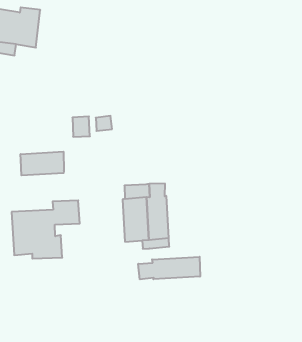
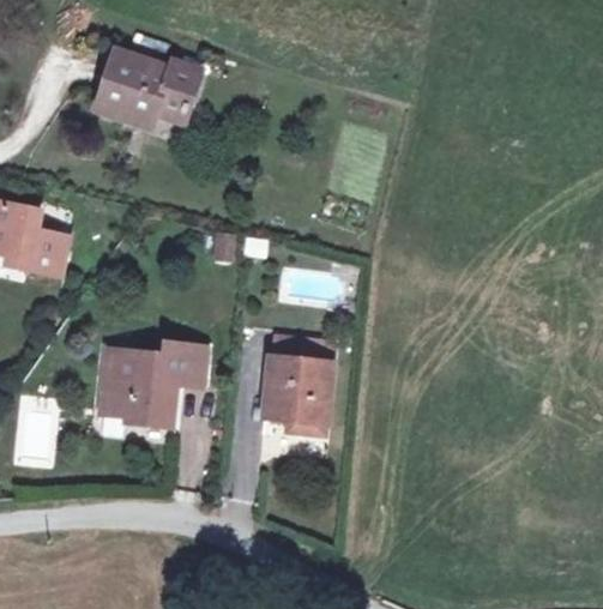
building: [21,152,64,175] -> none
building: [138,257,200,279] -> none

